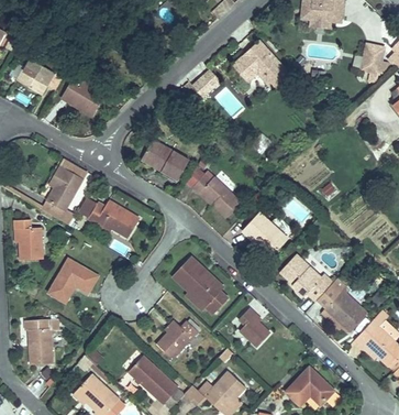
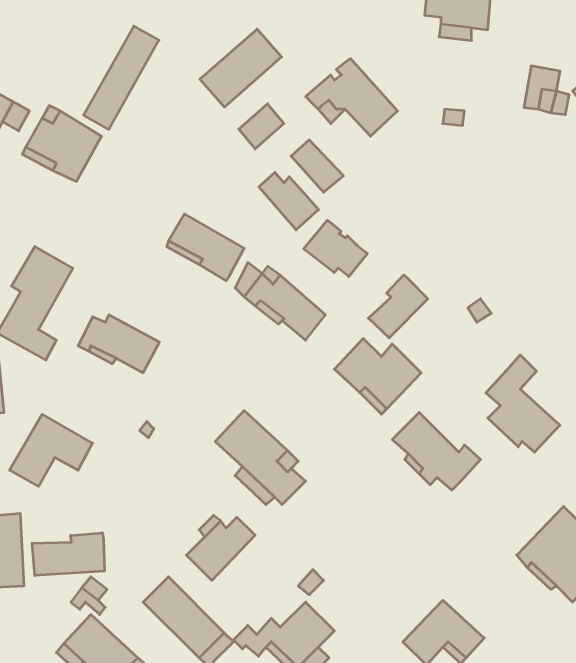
building: none -> [84,26,159,129]
building: none -> [200,29,282,107]
building: none -> [259,172,319,230]
building: none -> [304,220,367,277]
building: none -> [368,275,428,338]
building: [320,272,365,331] -> [486,355,560,452]
building: [237,307,270,346] -> none
building: none -> [32,533,104,576]

